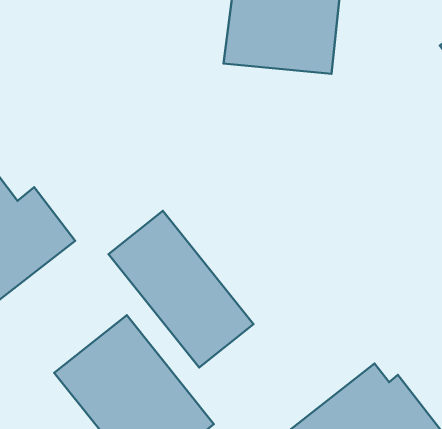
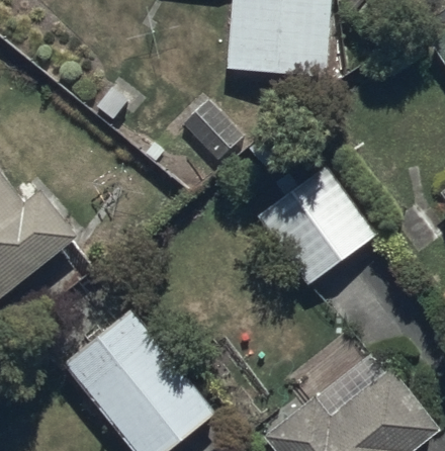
building: none -> [258,166,377,285]
building: [109,211,253,367] -> none

